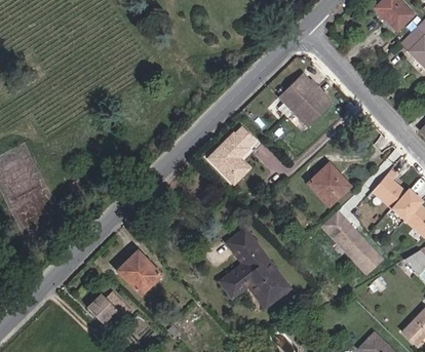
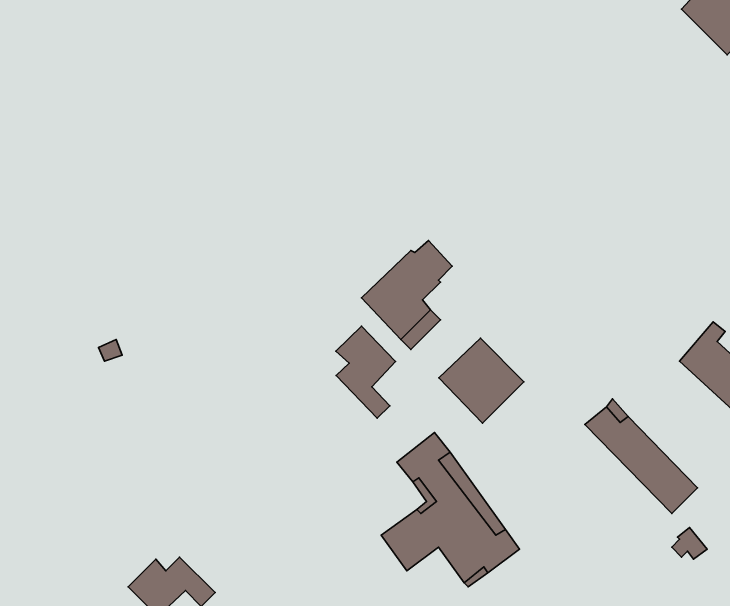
building: [278,74,332,127] -> none
building: [307,163,351,207] -> [439,338,524,423]
building: none -> [336,326,396,418]
building: [119,251,161,296] -> none

